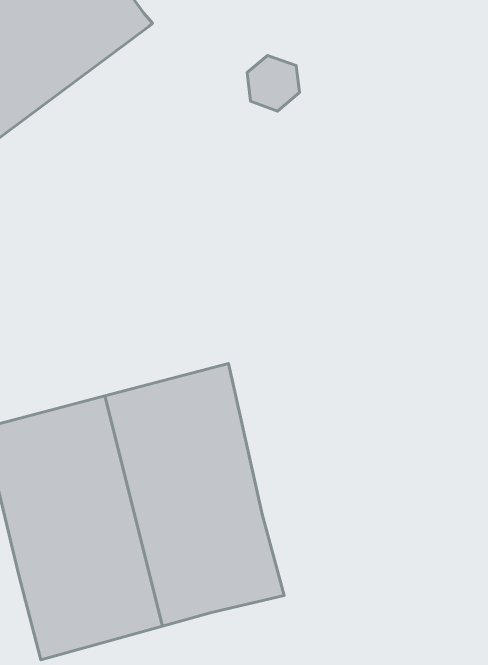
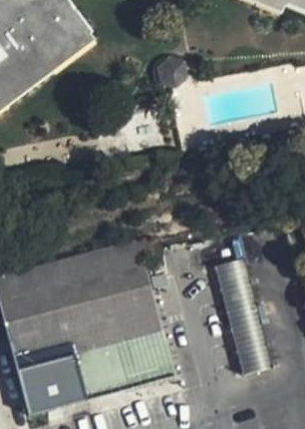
building: none -> [214,252,275,375]

